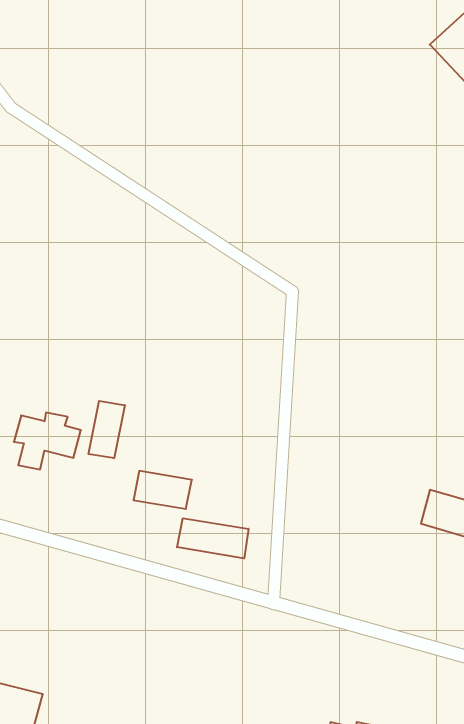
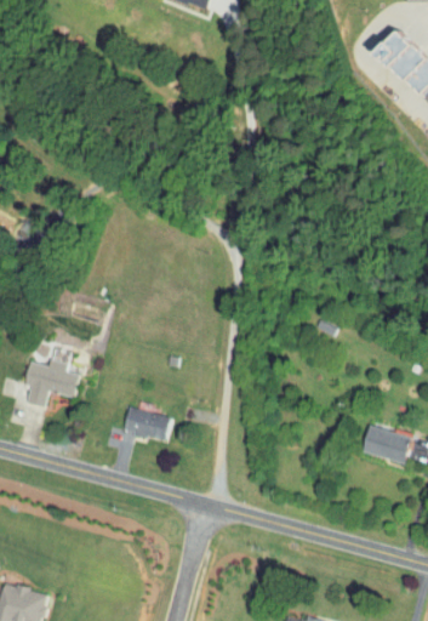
building: [88,401,125,458] -> none
building: [177,518,248,558] -> none

